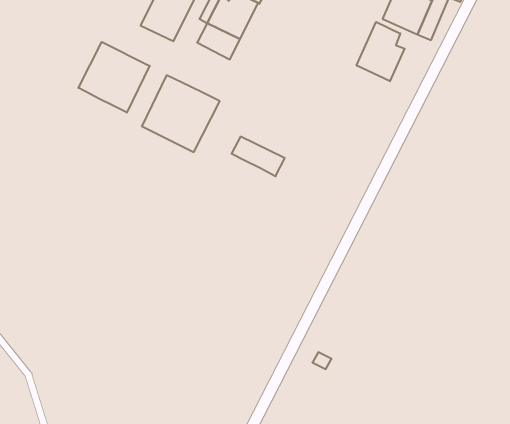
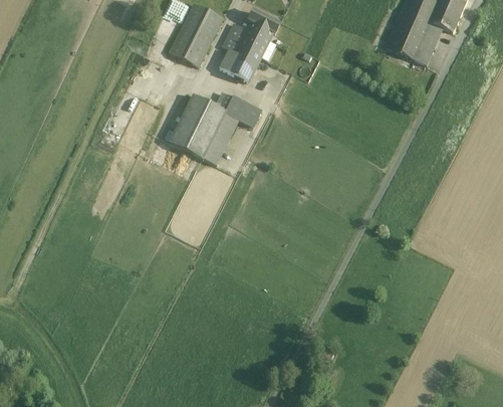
building: [357,22,405,81] -> none
building: [78,42,150,113] -> none
building: [232,137,285,176] -> [213,90,260,126]

